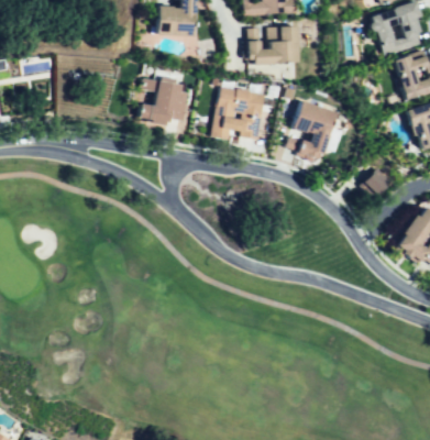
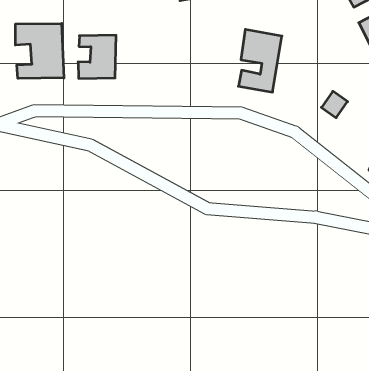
building: none -> [15,23,64,78]
building: [213,88,264,140] -> none

